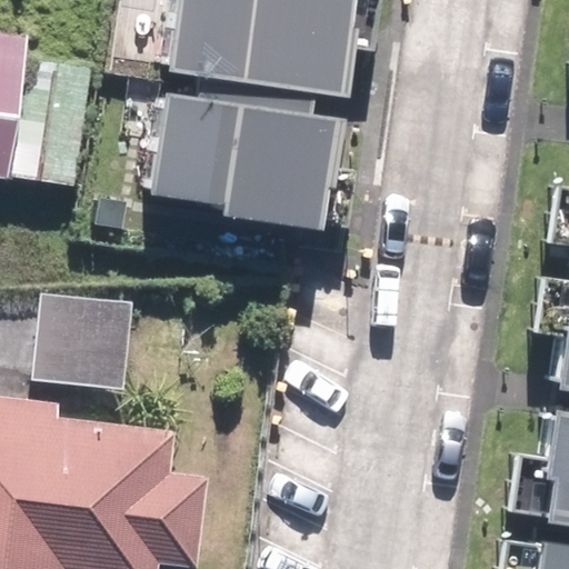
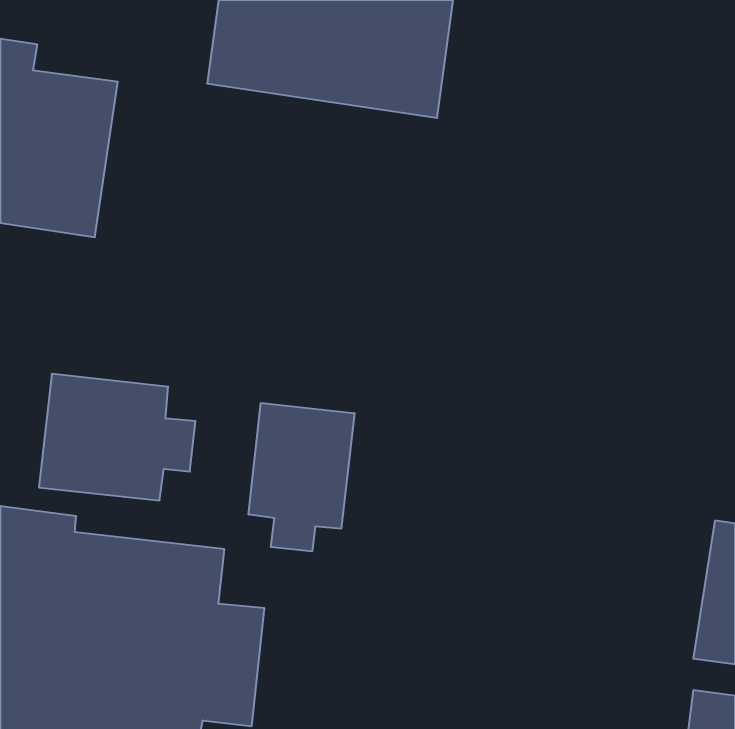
building: [147,91,333,228] -> none
building: none -> [249,403,355,551]

